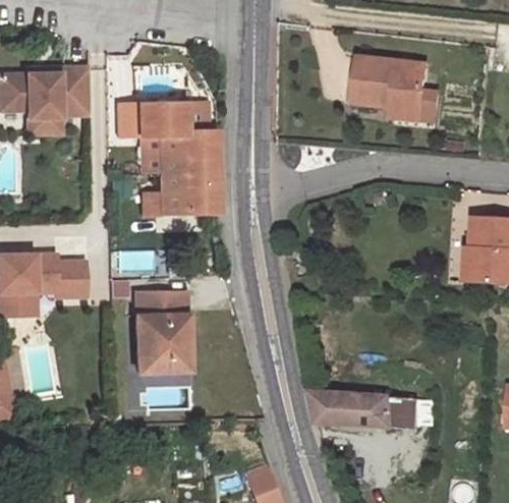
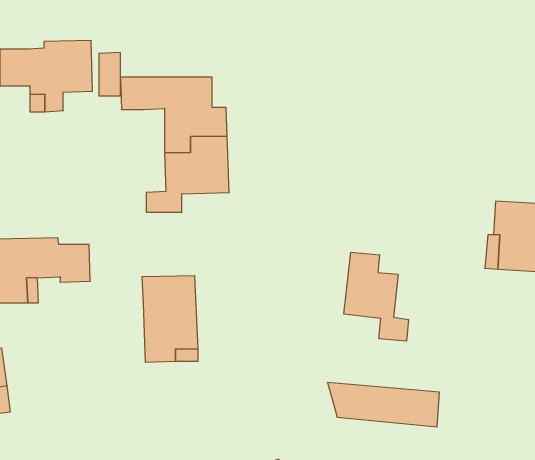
building: [357,57,430,118] -> none
building: [137,131,158,172] -> [99,53,120,96]
building: none -> [344,252,409,341]

